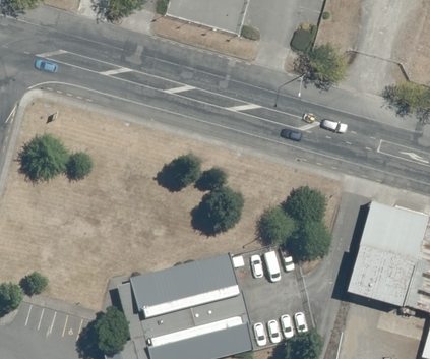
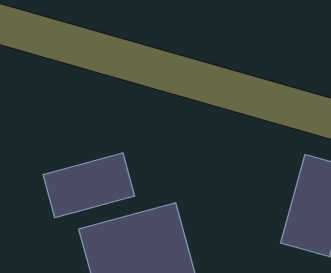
building: none -> [43,153,135,218]

